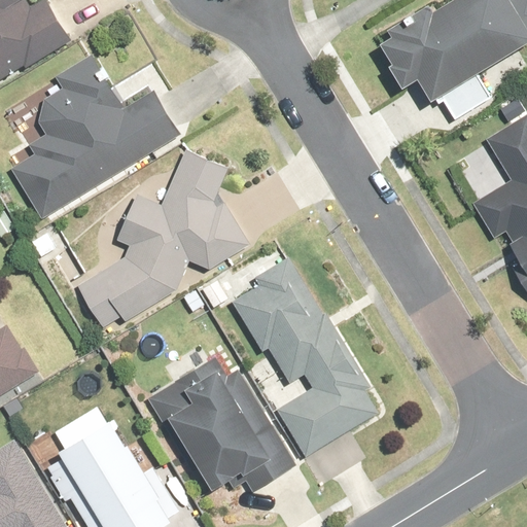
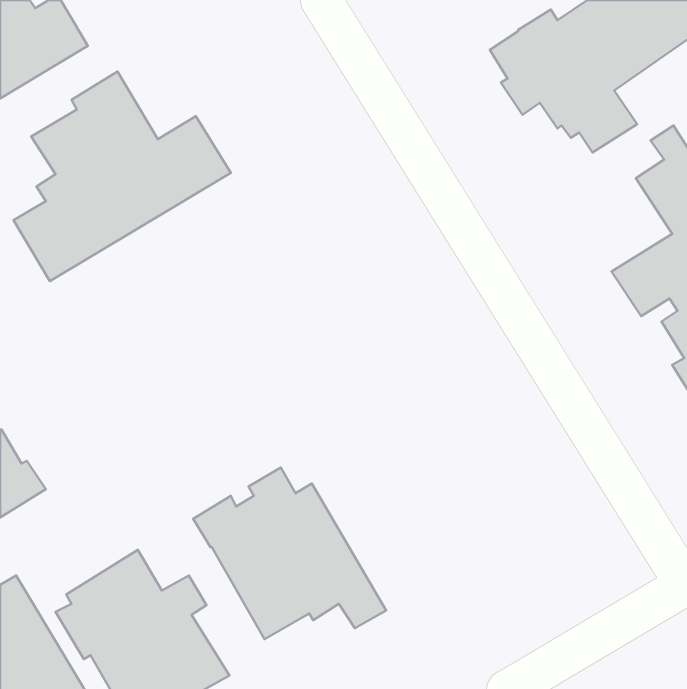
building: [76,151,251,331] -> none
building: [233,257,376,453] -> none

